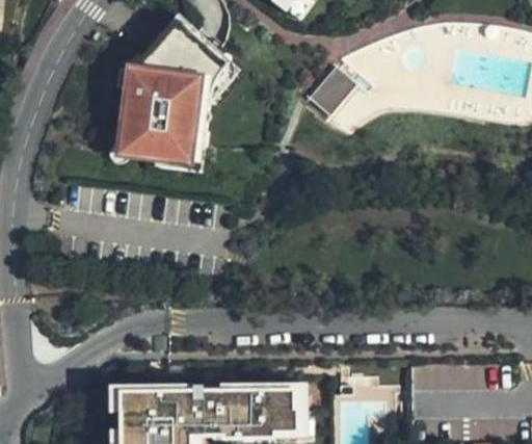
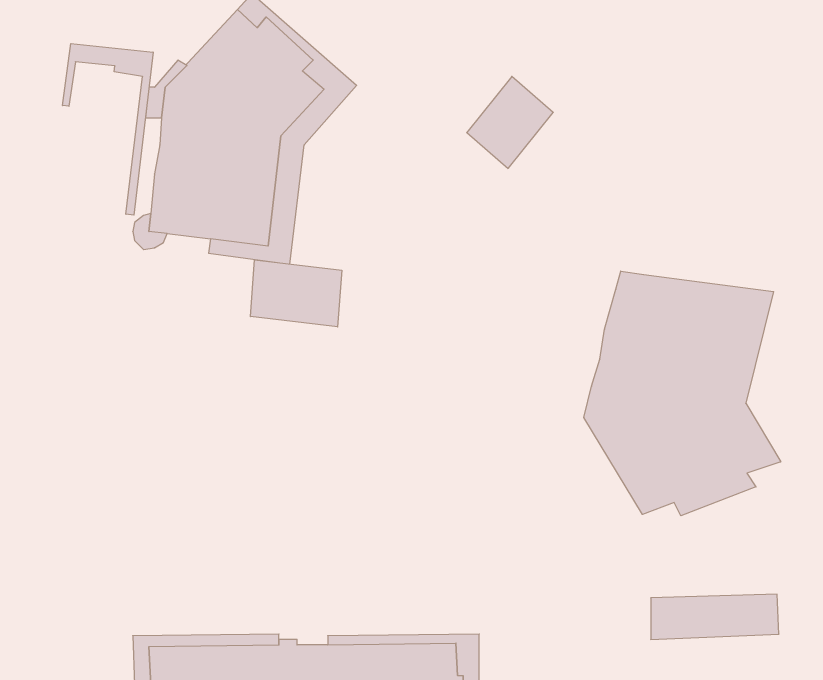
building: none -> [63,44,153,215]
building: none -> [250,260,342,327]
building: none -> [584,271,781,516]

